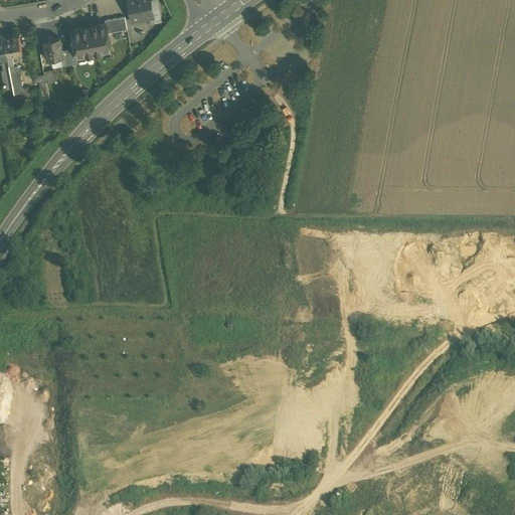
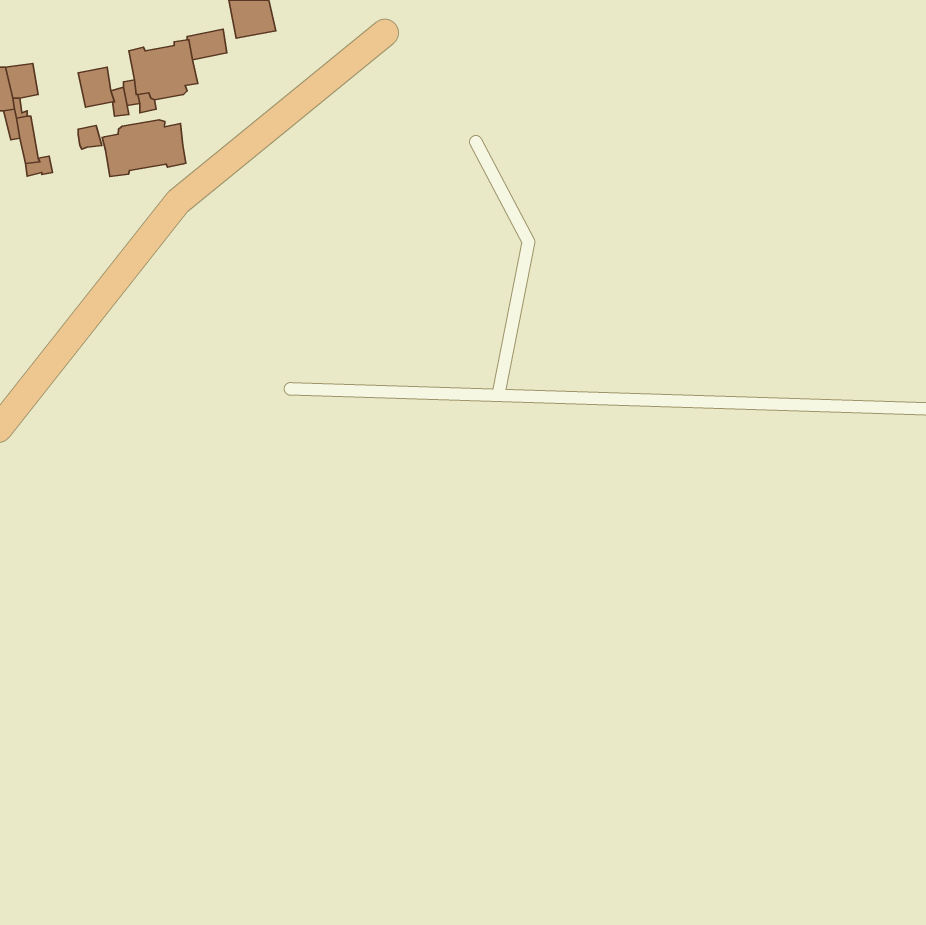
building: none -> [102,120,186,176]

